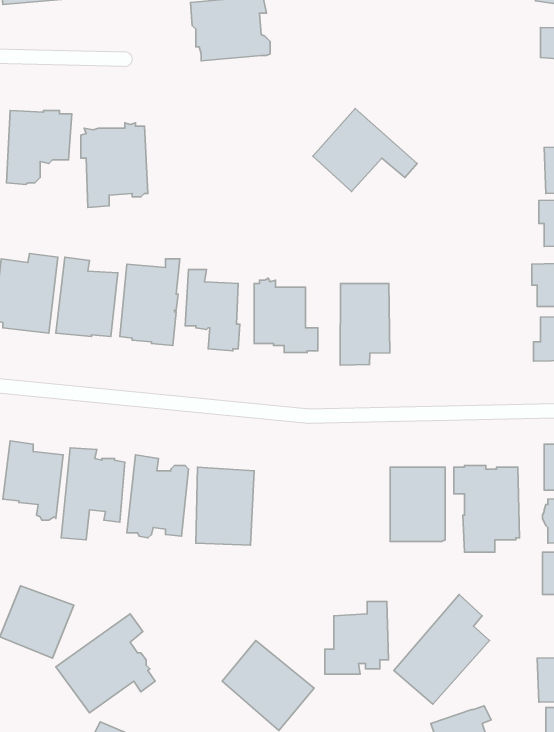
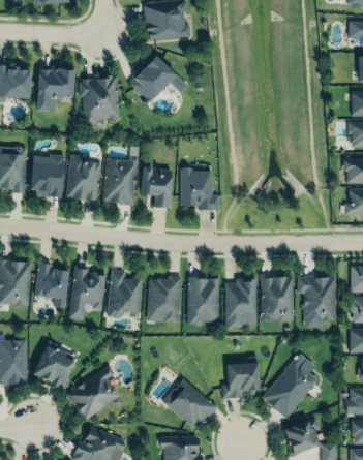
building: [313,109,417,192] -> [127,55,188,103]
building: [340,284,390,365] -> none
building: none -> [187,277,219,327]
building: none -> [224,279,258,329]

